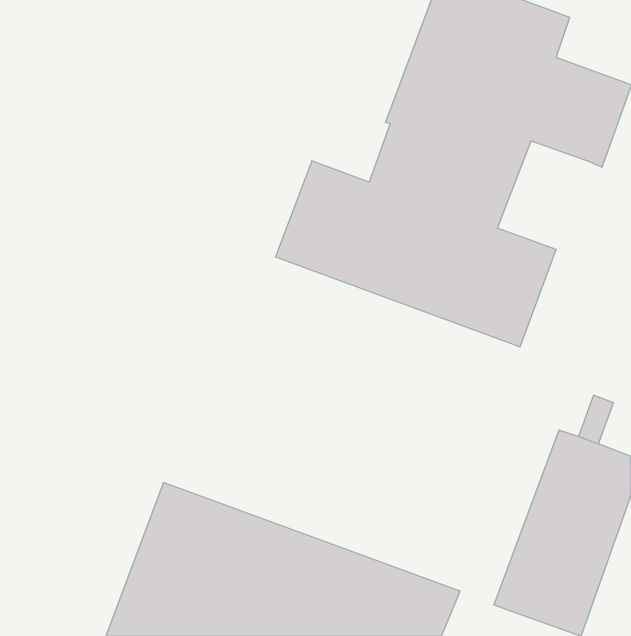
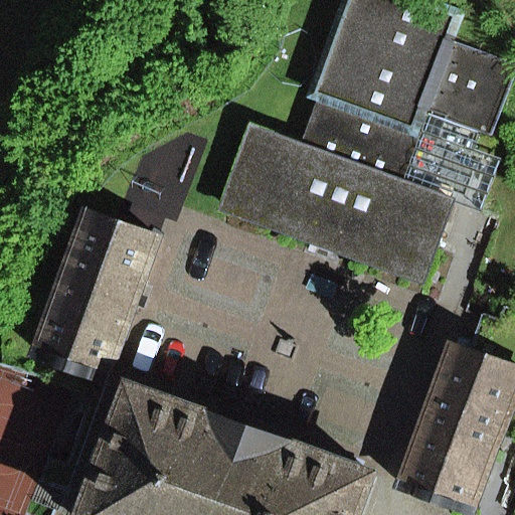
building: none -> [401,114,497,212]
building: none -> [35,213,156,379]

